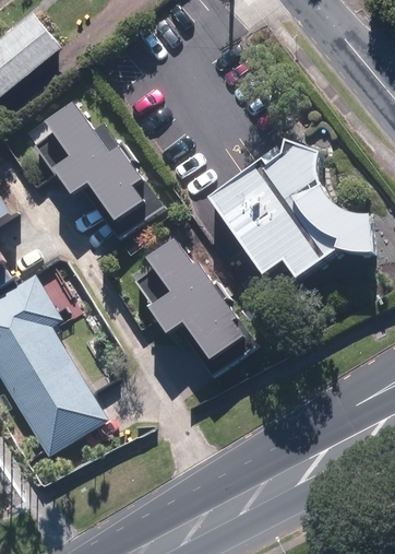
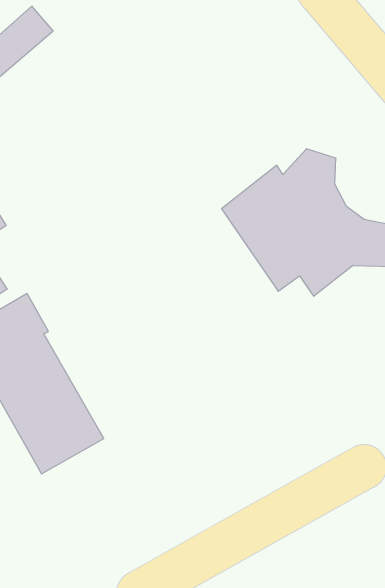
building: [46,99,154,232] -> none
building: [143,237,252,370] -> none

